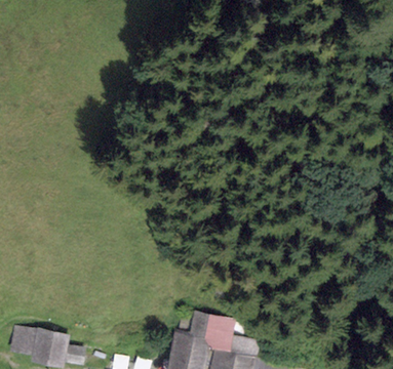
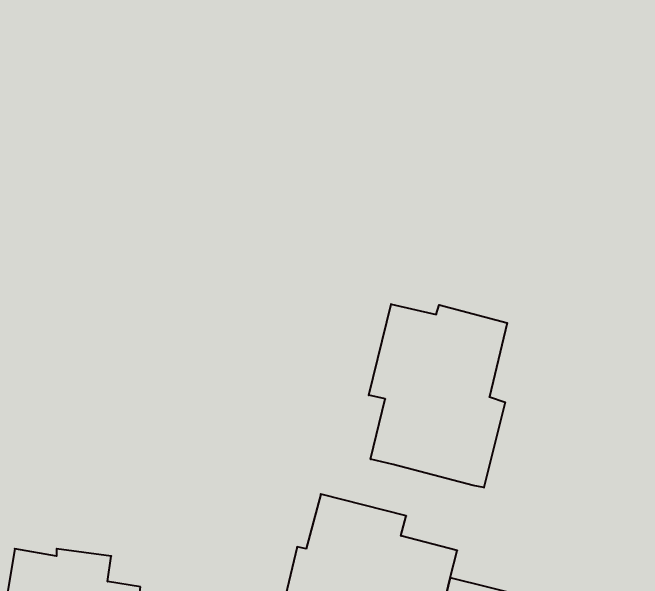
building: none -> [369,304,507,488]

